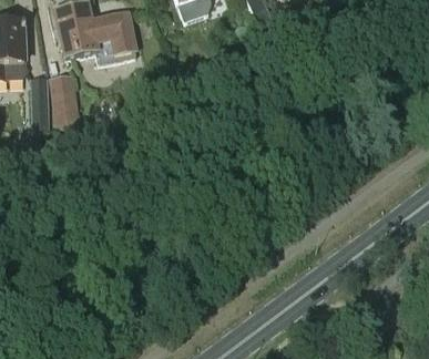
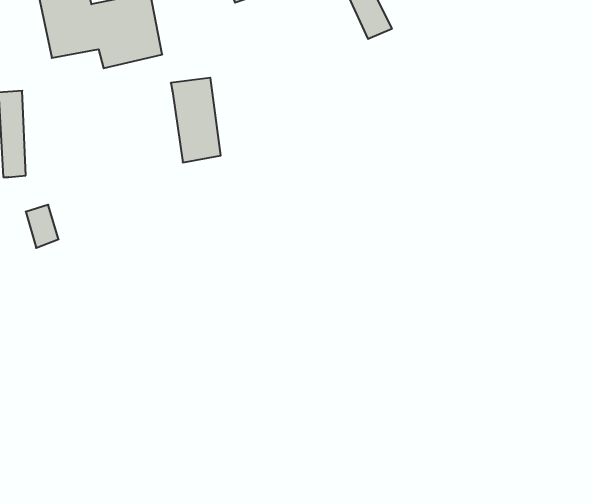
building: [50,71,82,125] -> [171,78,221,162]

